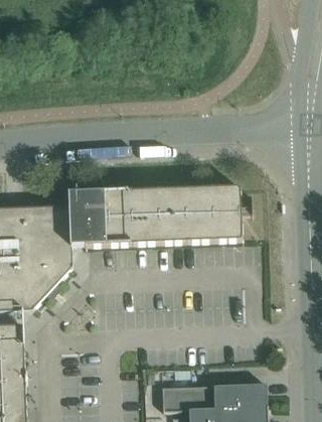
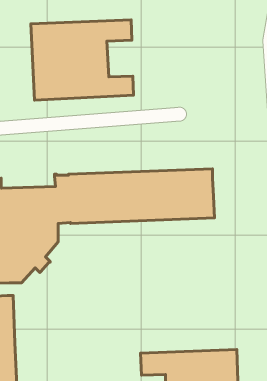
building: none -> [31,20,134,100]

